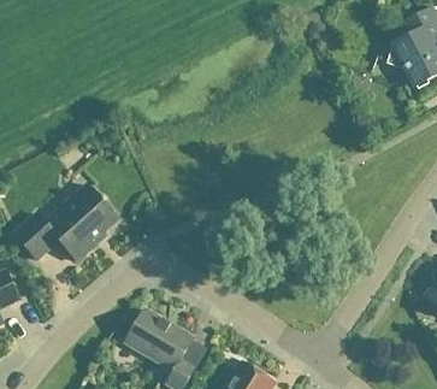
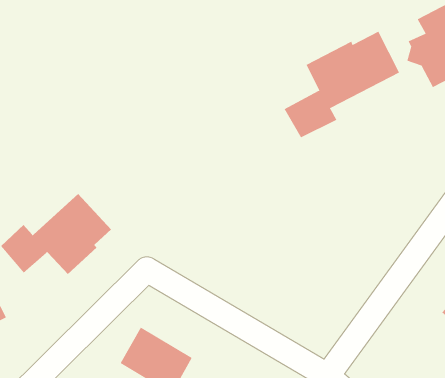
building: none -> [284,31,400,138]

